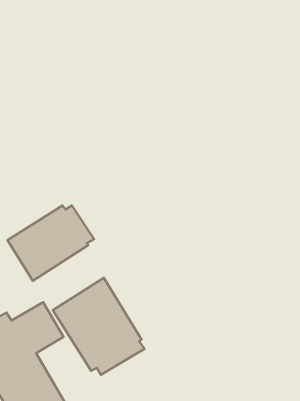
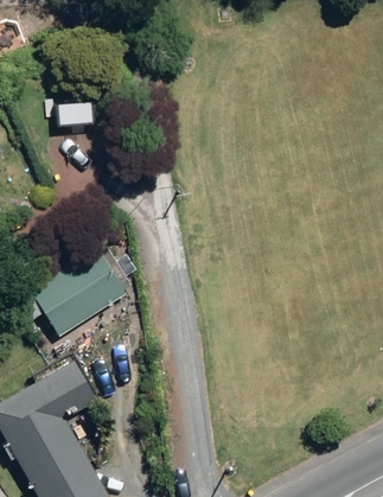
building: [53,278,145,375] -> none

